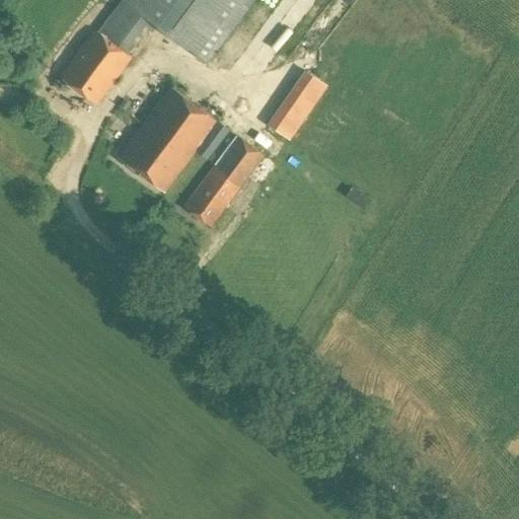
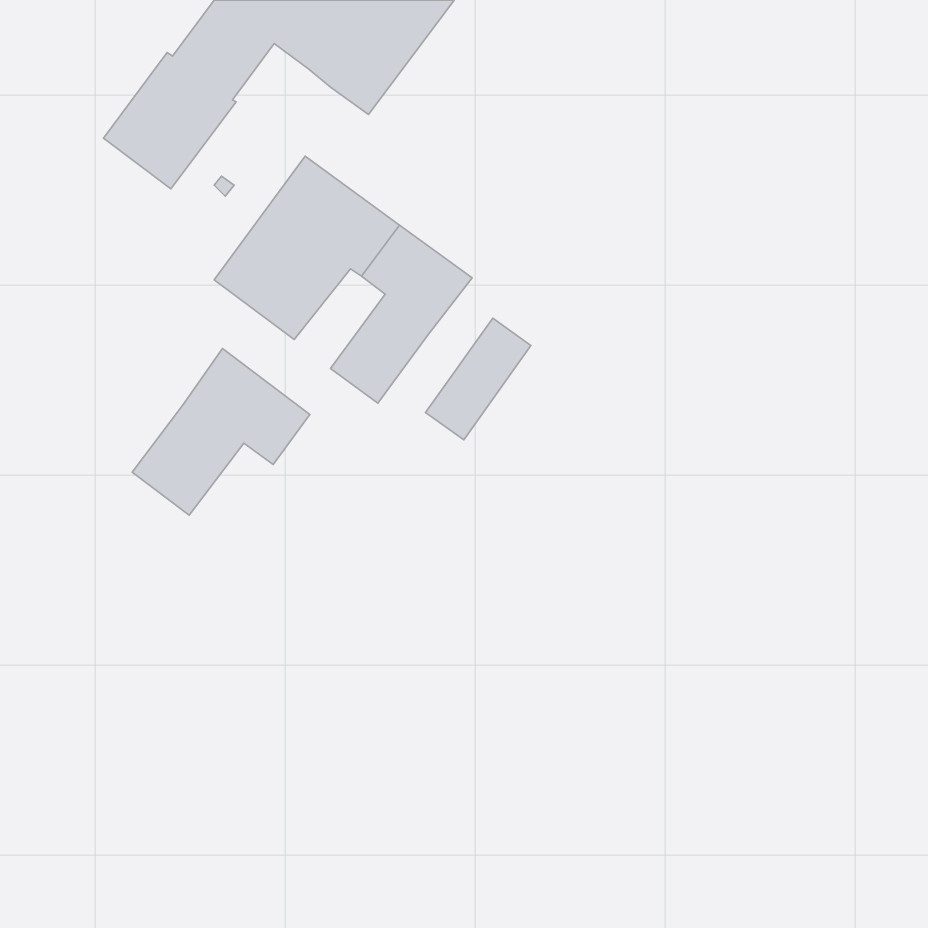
building: [268,71,326,139] -> [426,318,531,440]
building: none -> [132,349,310,515]

